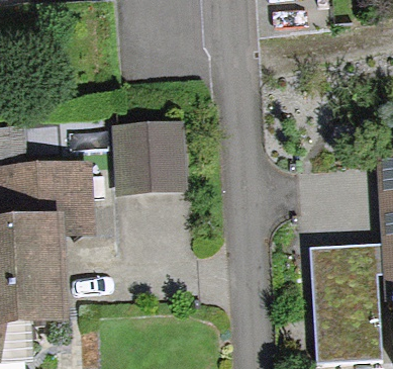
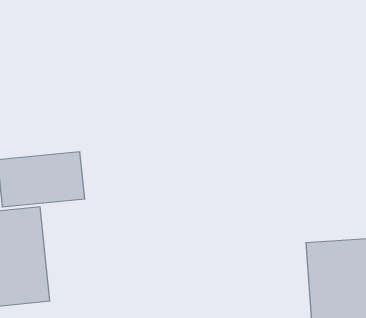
building: [116,125,181,190] -> none

